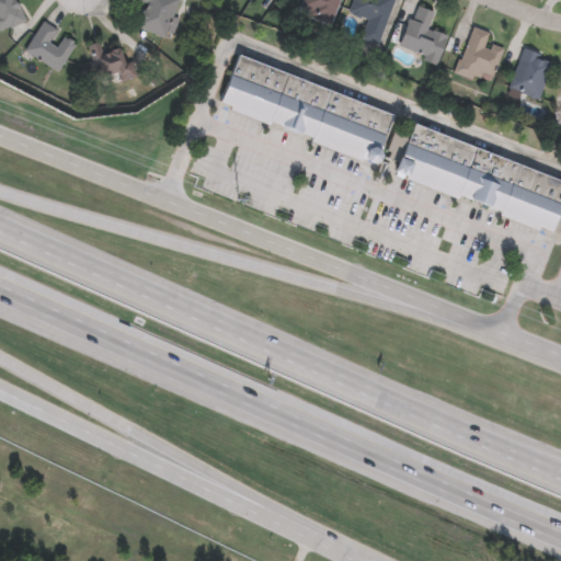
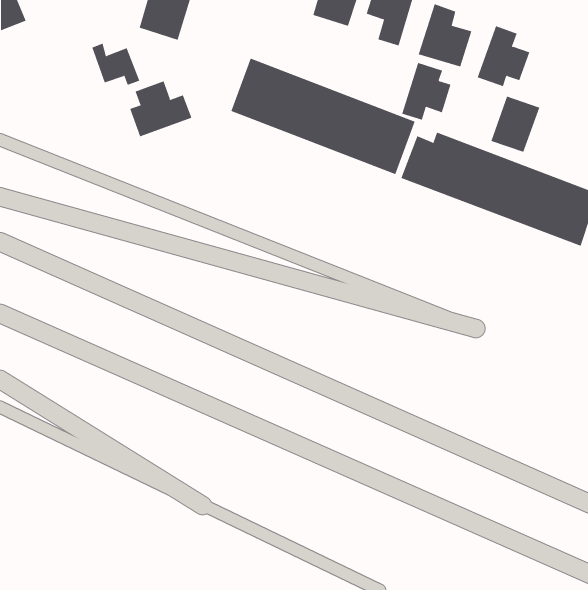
building: [26,20,78,71] -> none
building: [508,47,556,101] -> [490,96,540,153]
building: none -> [401,62,451,120]
building: none -> [130,80,192,137]

